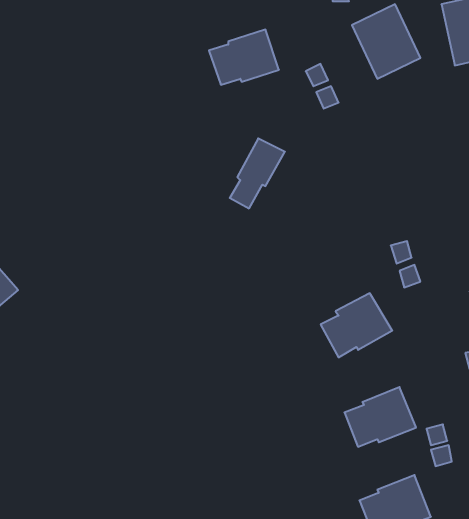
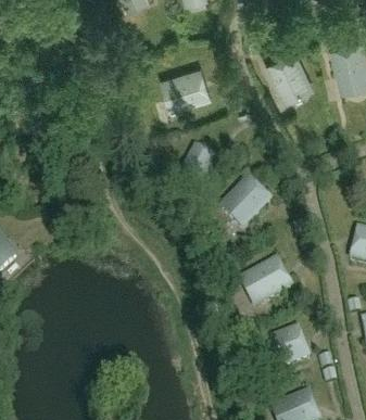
building: none -> [217,173,272,228]

